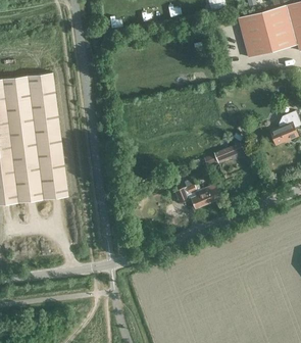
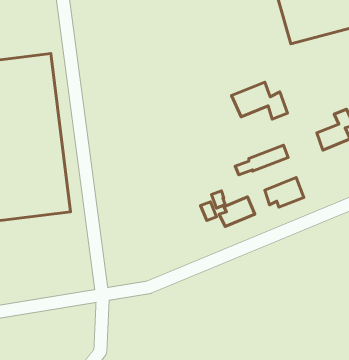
building: none -> [231,82,287,119]
building: none -> [265,178,304,207]

